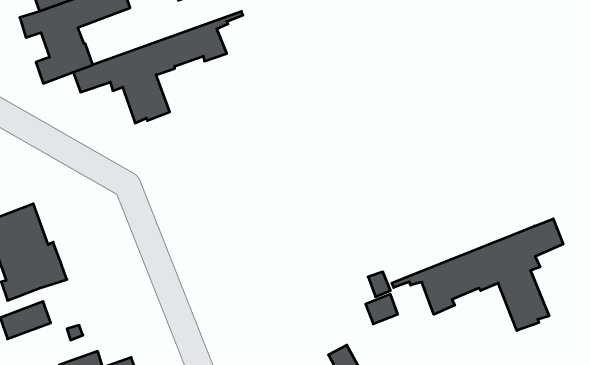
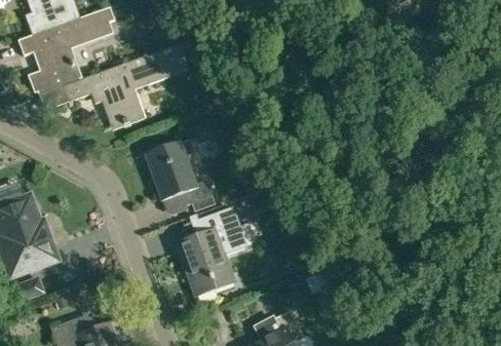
building: none -> [144,141,213,204]
building: [392,219,563,331] -> none
building: none -> [179,208,247,297]

